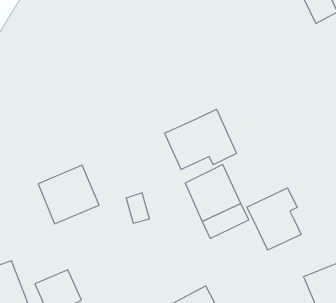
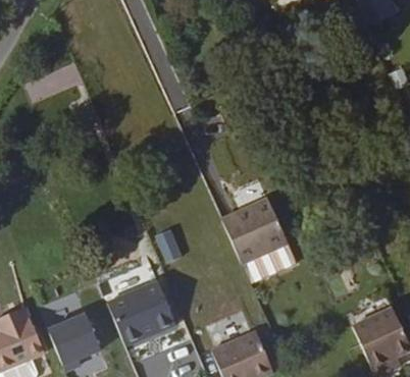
building: [165,109,237,170] -> none
building: [38,165,99,224] -> [105,278,174,345]
building: [247,188,301,250] -> none

